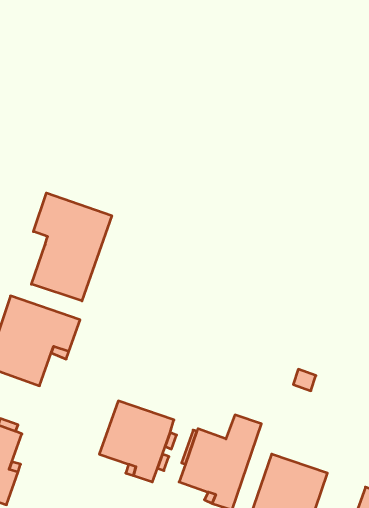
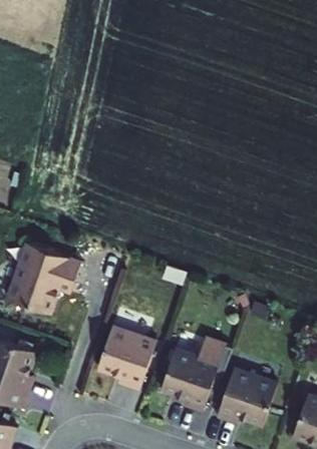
building: [31,193,112,301] -> none

